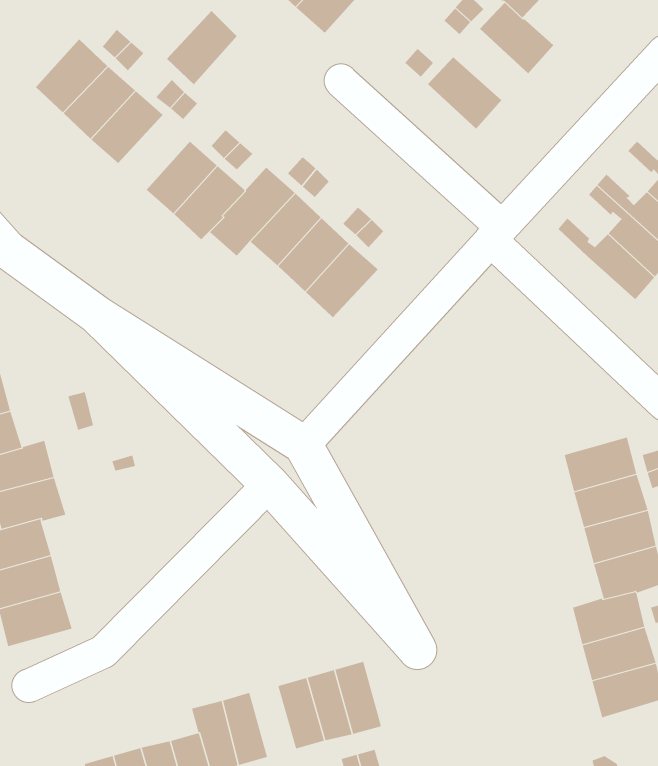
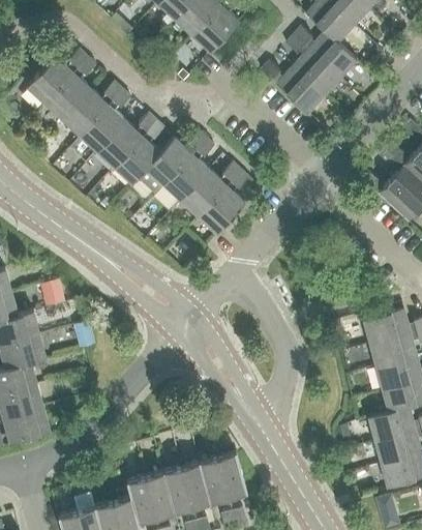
building: [166,10,238,85] -> [79,104,124,151]
building: none -> [292,49,339,94]
building: none -> [162,467,191,512]

